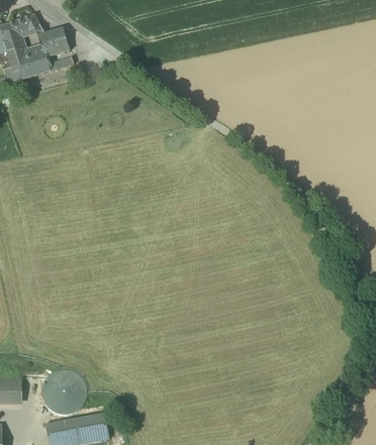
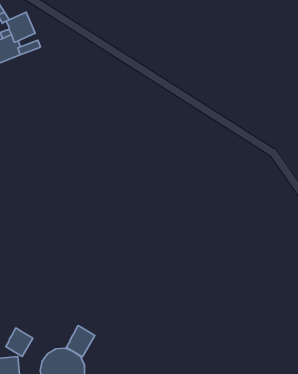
building: none -> [6,328,33,356]
building: none -> [66,326,95,357]

